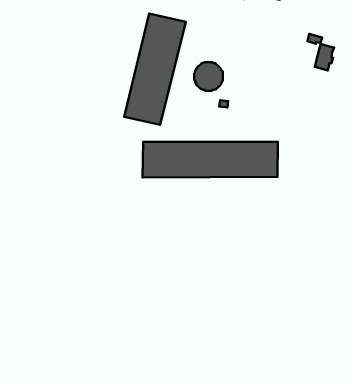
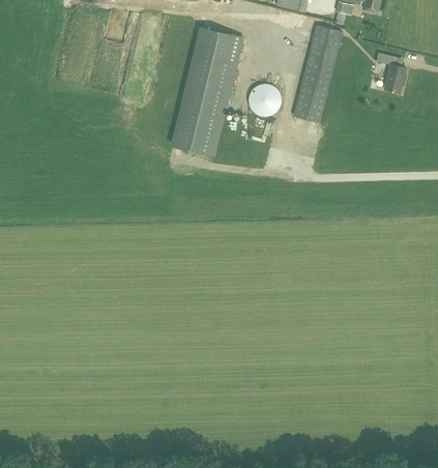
building: none -> [295,25,342,121]
building: [142,142,278,178] -> none

